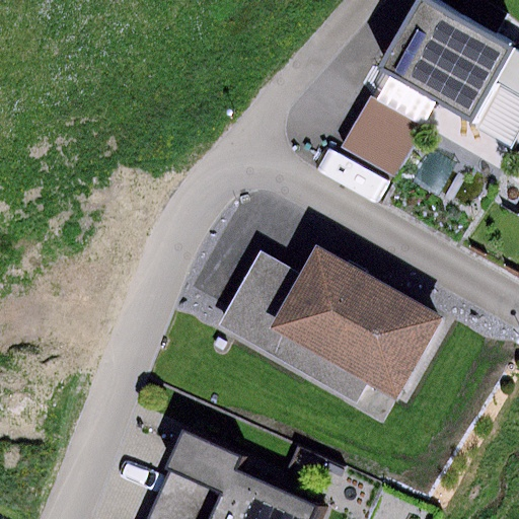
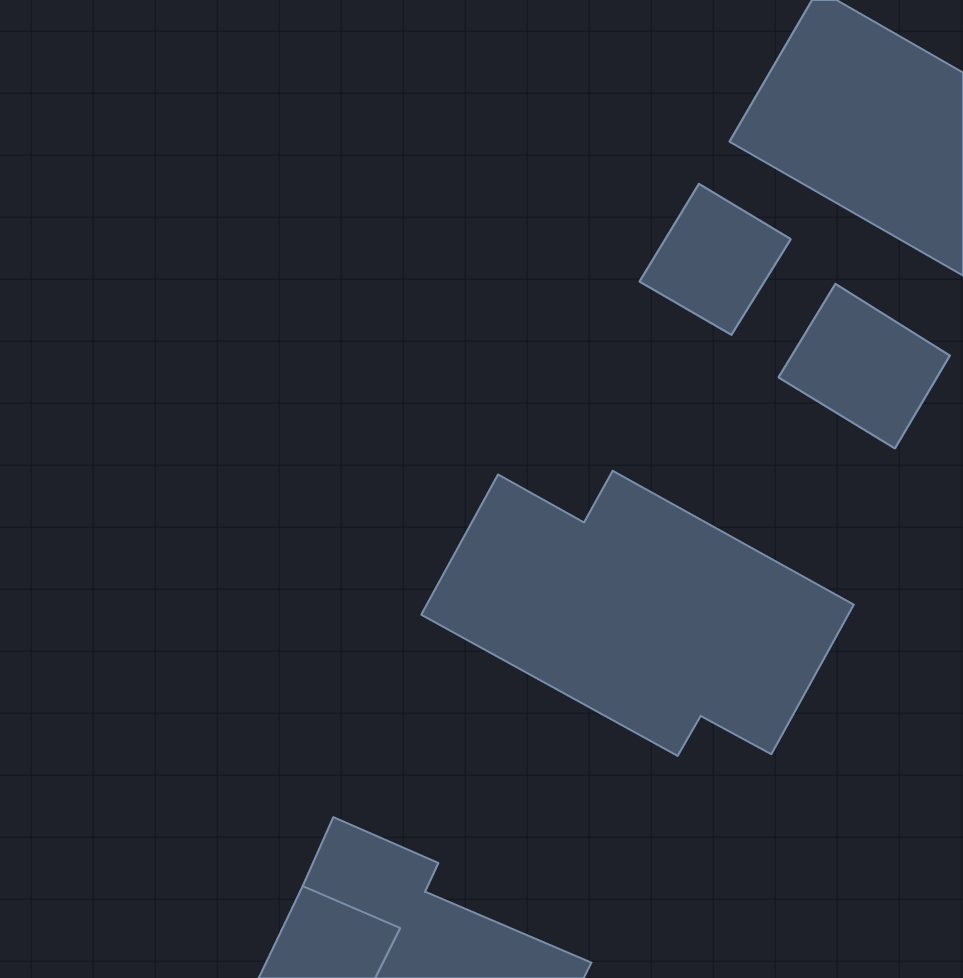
building: none -> [779,284,950,448]

